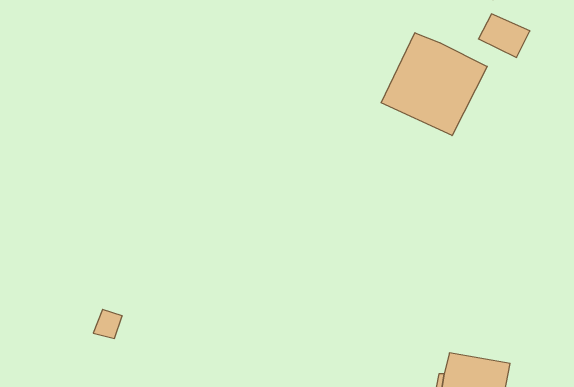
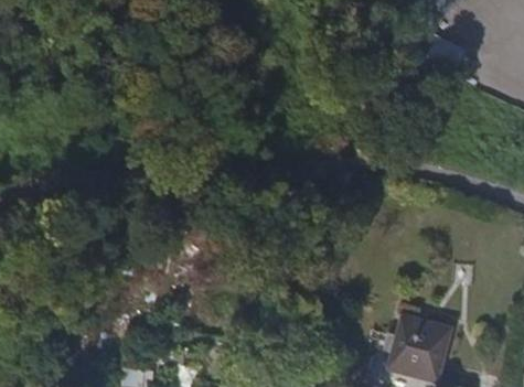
building: [381,33,487,136] -> none

